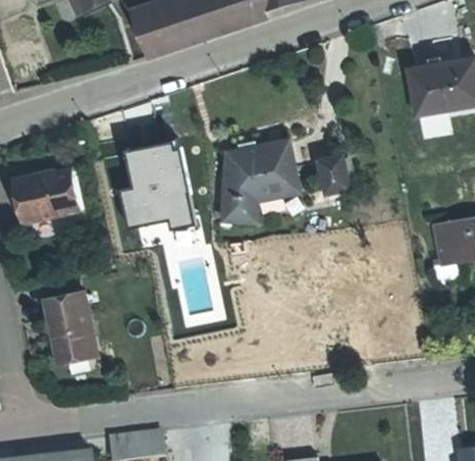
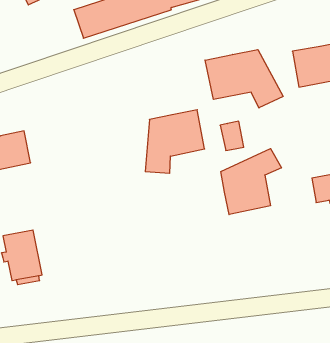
building: none -> [205,50,283,108]
building: [113,130,193,232] -> none
building: none -> [221,149,281,215]

